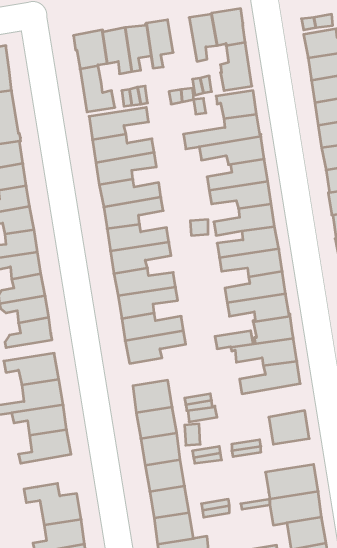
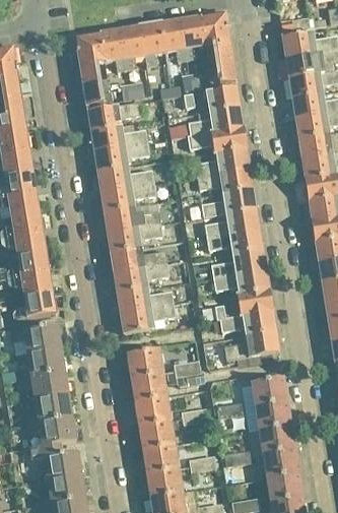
building: none -> [159,20,186,61]
building: none -> [255,401,291,430]
building: none -> [26,415,76,445]

